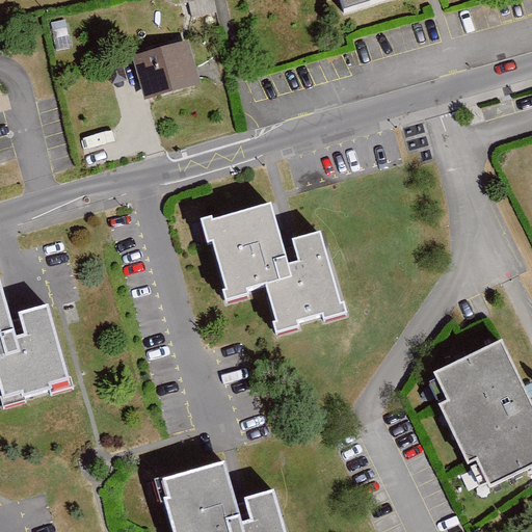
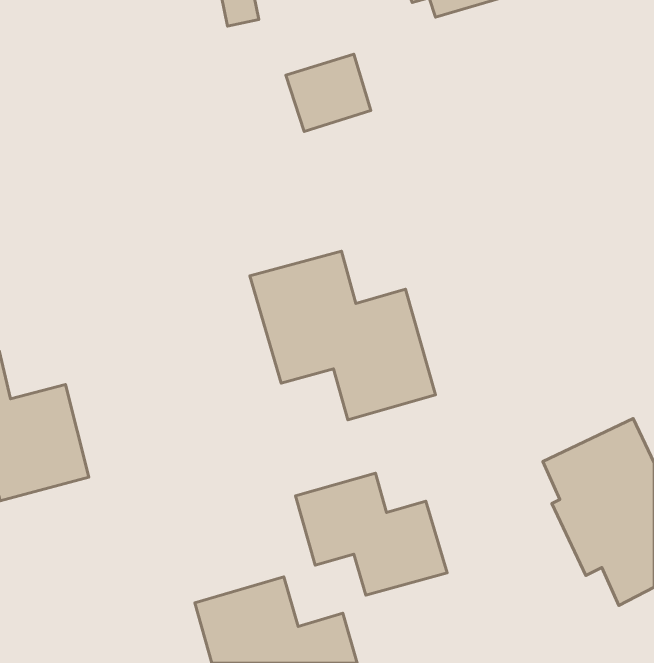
building: [125,48,192,109] -> [286,54,371,131]
building: none -> [296,473,447,595]

